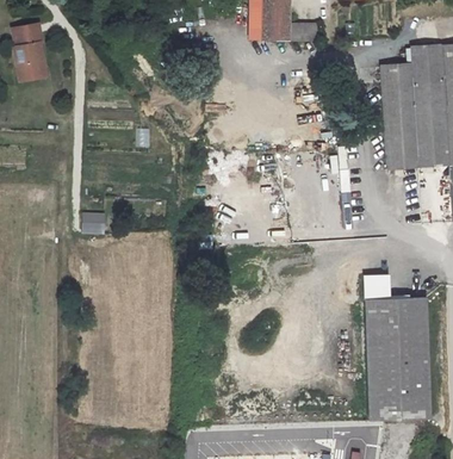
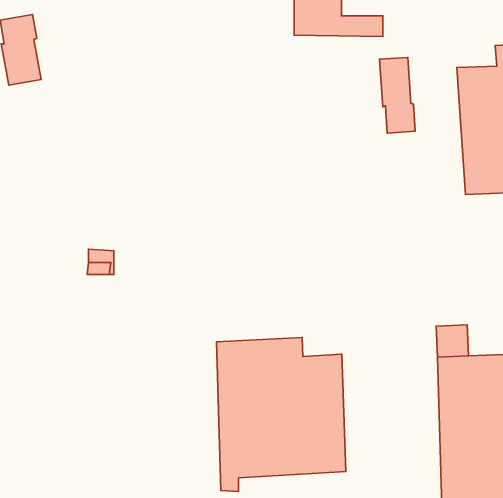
building: none -> [380,57,415,133]
building: none -> [217,337,346,492]

